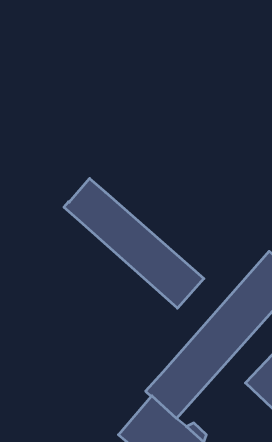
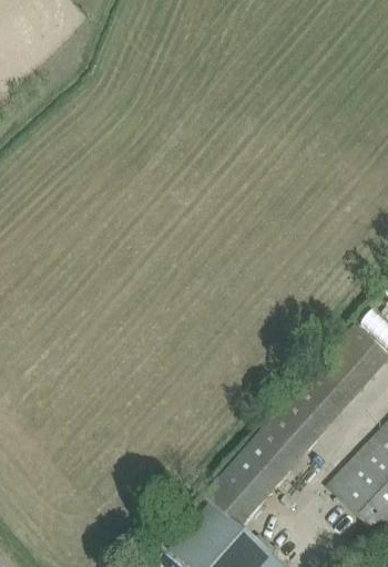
building: [64,178,204,308] -> none

